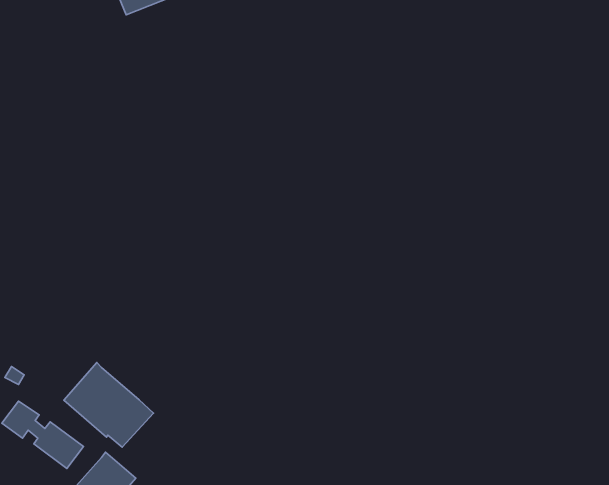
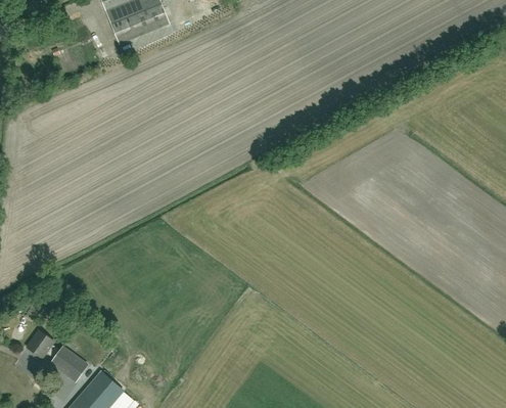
building: [64,363,154,447] -> none

